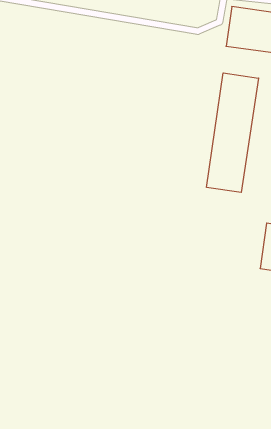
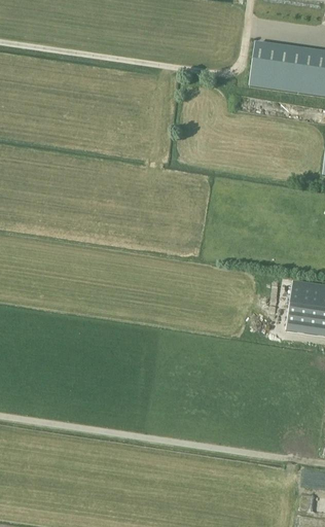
building: [207,73,259,192] -> none

